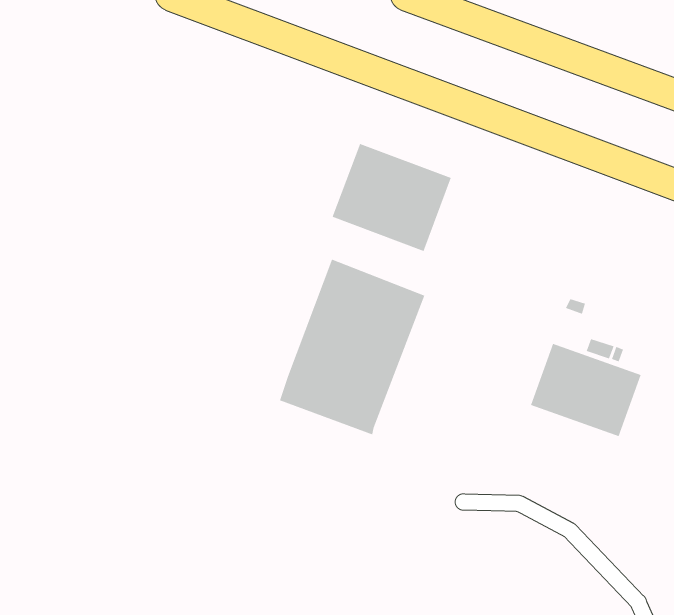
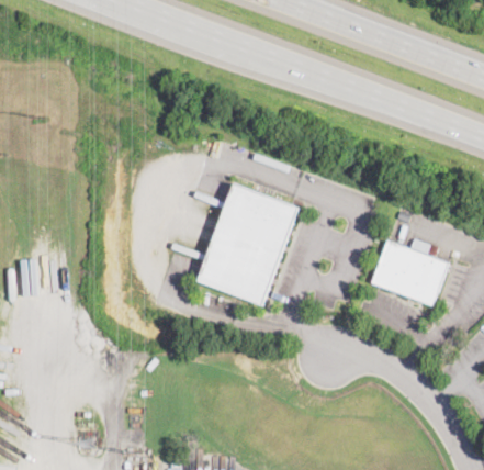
building: [332,143,452,252] -> none

